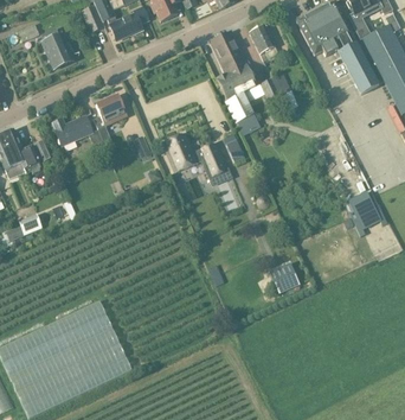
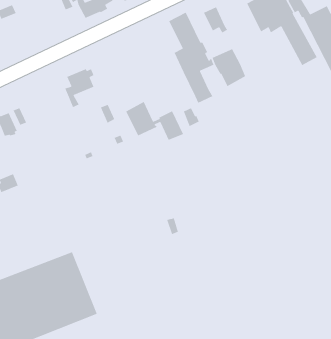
building: [40,32,72,69] -> none
building: [52,115,102,149] -> none
building: [348,192,380,228] -> none
building: [269,262,298,293] -> none

